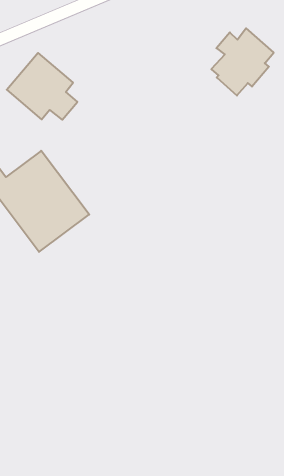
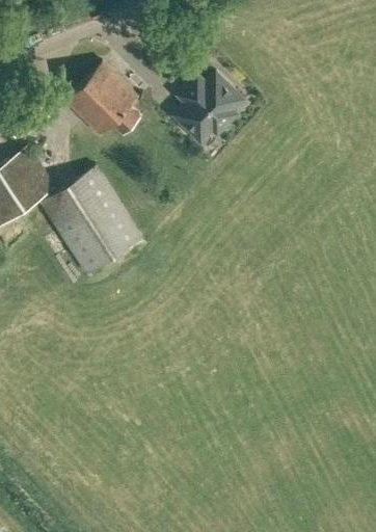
building: [211,28,274,96] -> [176,72,243,142]

